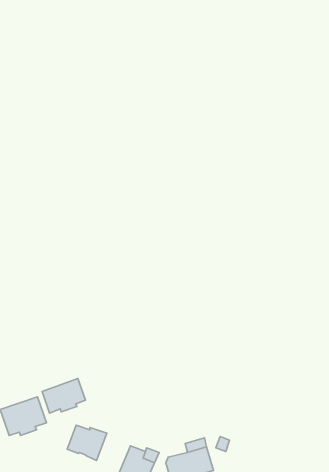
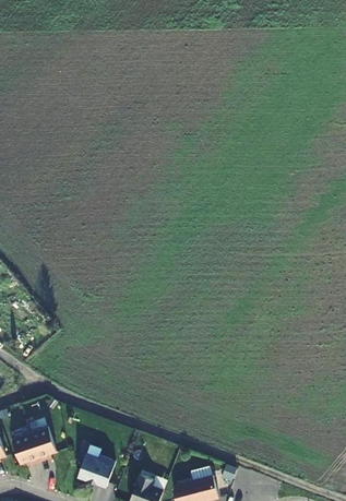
building: [42,378,86,413] -> none

